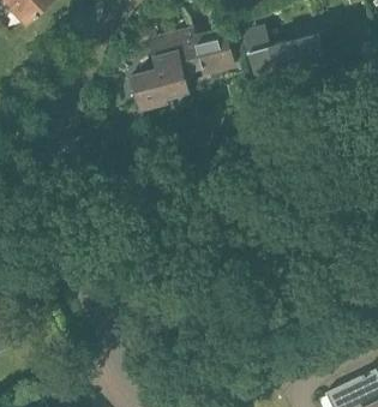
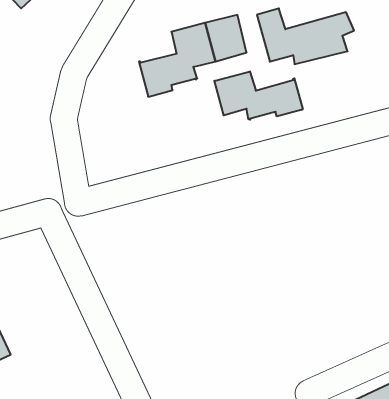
building: none -> [214,71,303,120]

